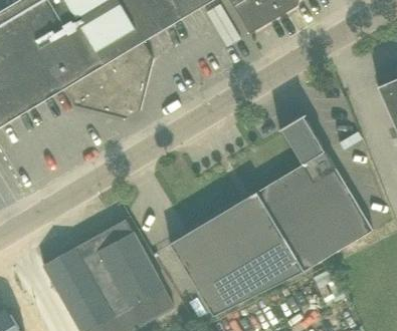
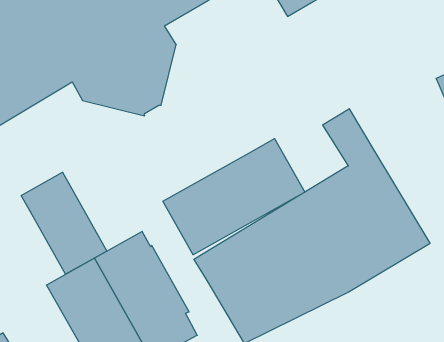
building: none -> [163,139,305,255]
building: none -> [21,172,107,274]

